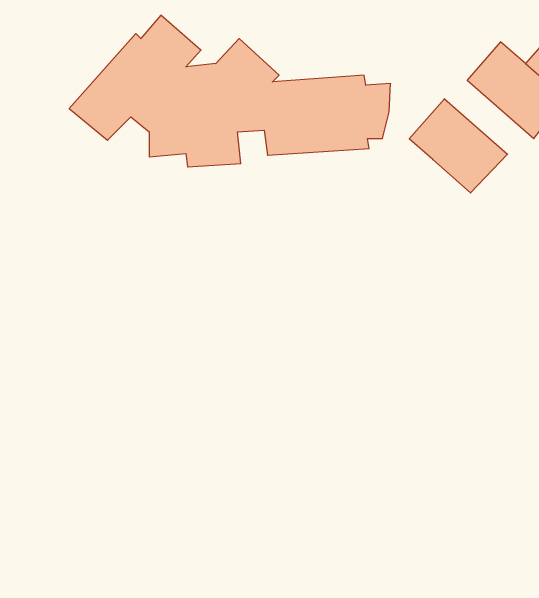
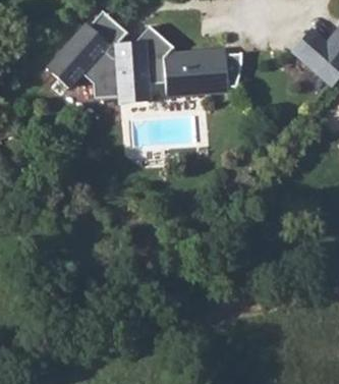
building: [409,99,508,193] -> none

